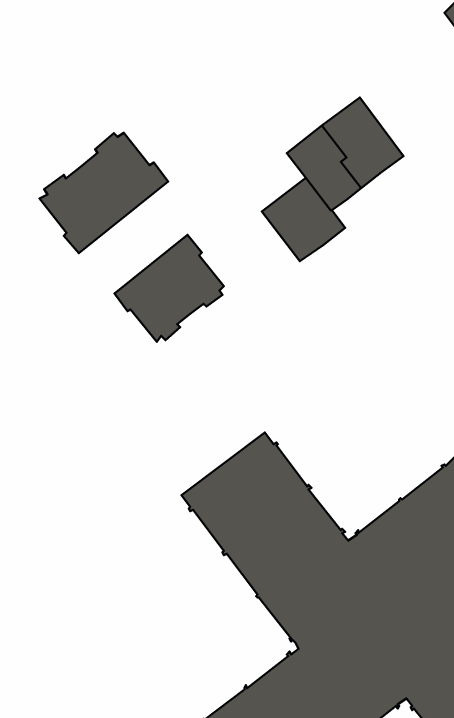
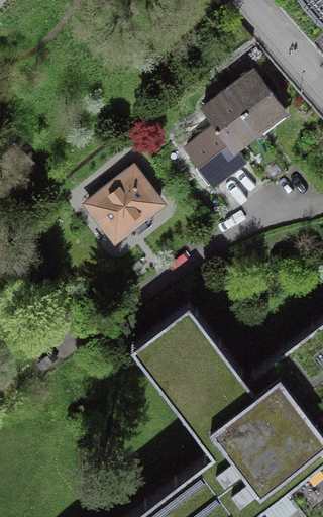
building: [40,133,168,253] -> none

